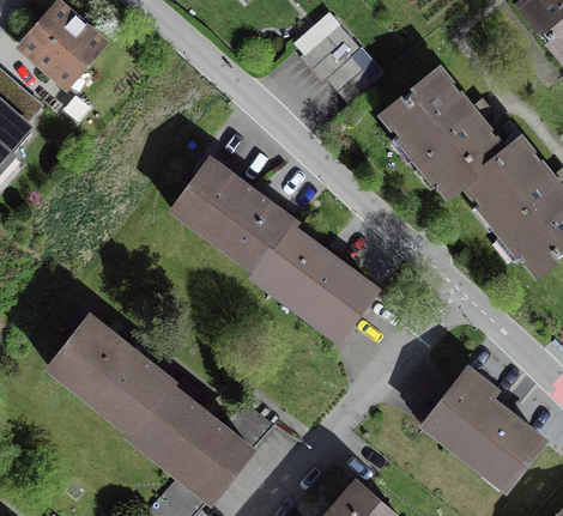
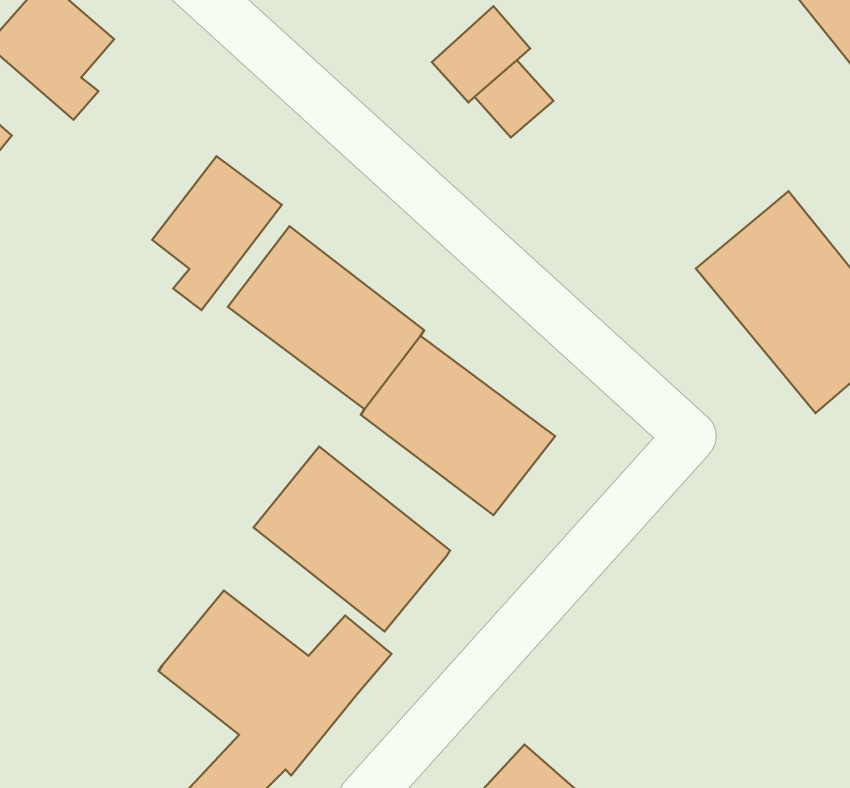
building: [381,68,506,198] -> none
building: none -> [152,156,282,310]
building: [49,317,171,432] -> [254,446,450,632]
building: [424,371,541,487] -> none

